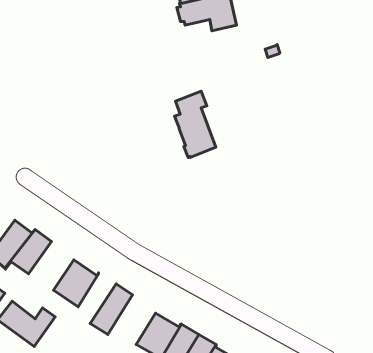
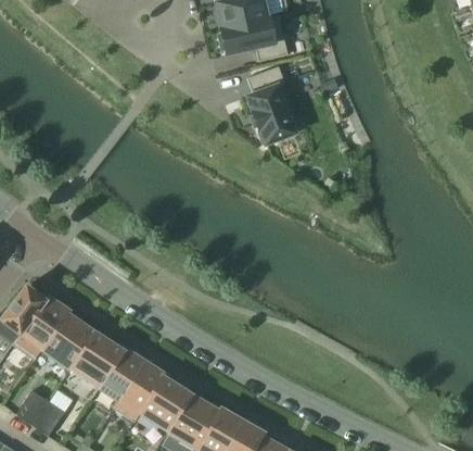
building: [175,91,216,157] -> [245,66,294,145]
building: none -> [41,310,94,367]
building: none -> [100,348,144,406]
building: none -> [135,373,191,431]

